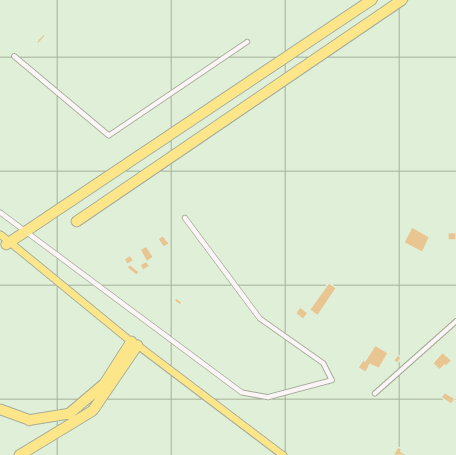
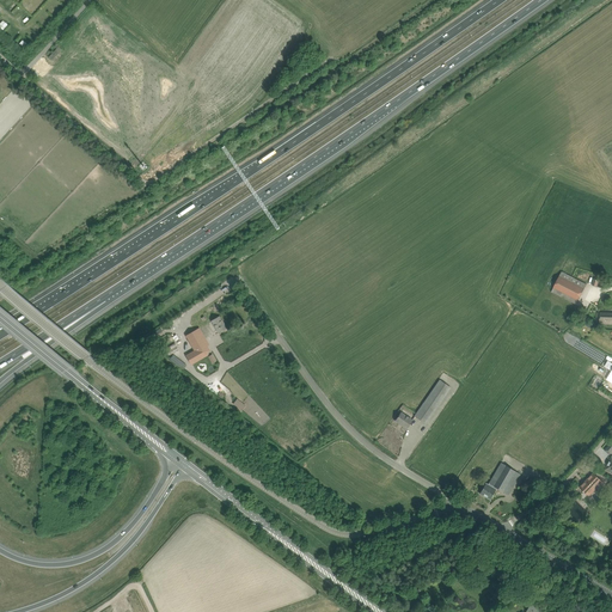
building: [404,227,430,252] -> [551,270,586,304]

